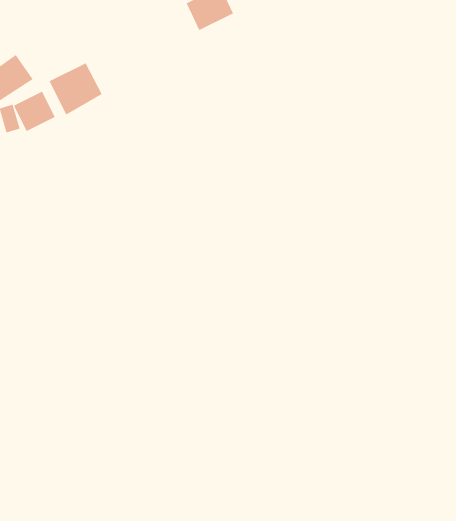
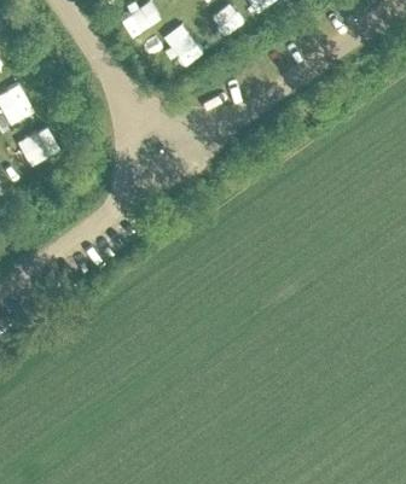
building: [49,62,102,115] -> none

